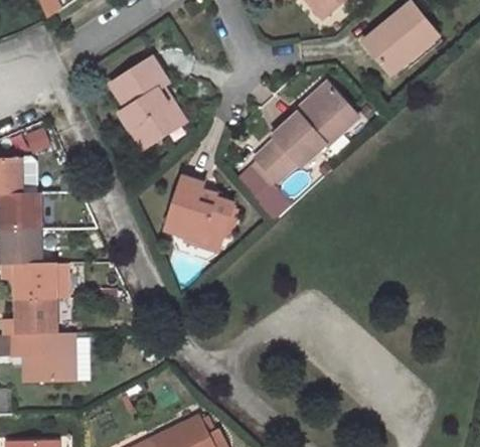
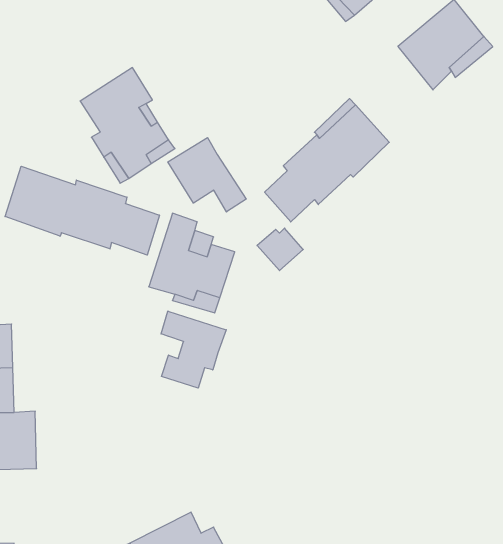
building: none -> [168,138,246,212]
building: none -> [5,166,159,255]
building: none -> [161,311,226,388]

